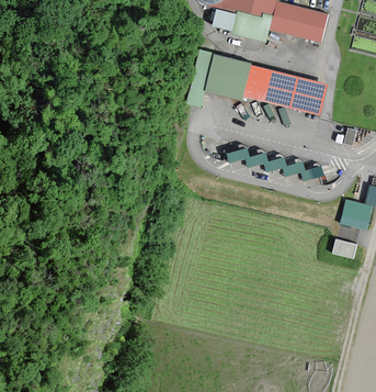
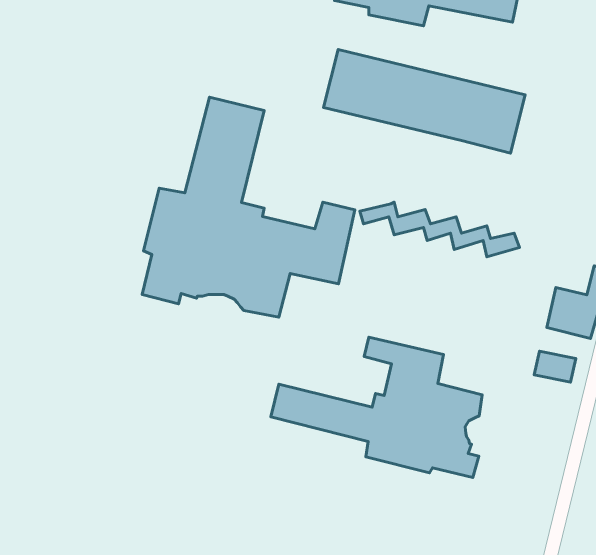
building: none -> [142,97,355,317]
building: none -> [271,337,482,478]

